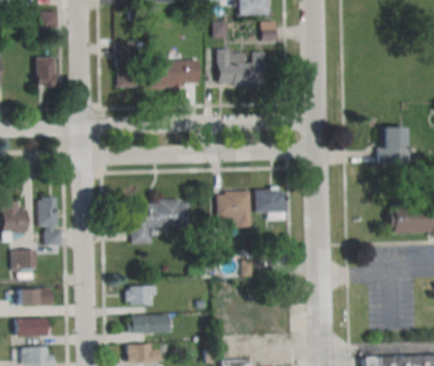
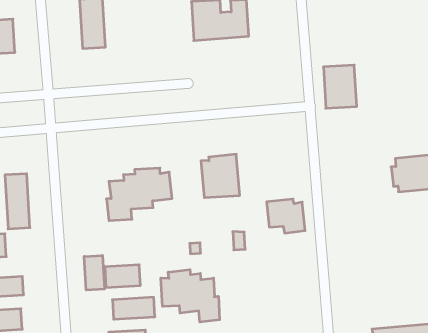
building: [153,61,198,86] -> none
building: [378,126,406,164] -> [323,65,357,108]
building: [253,190,287,220] -> [267,199,305,233]
building: none -> [84,255,104,290]
building: none -> [161,270,220,322]

